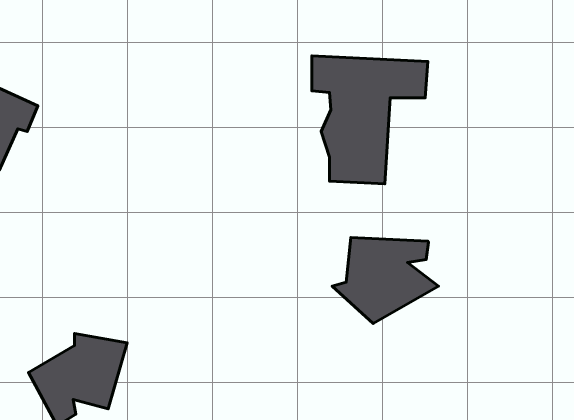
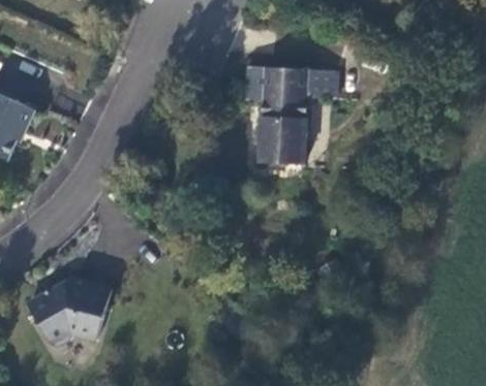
building: [332,238,439,323] -> none

